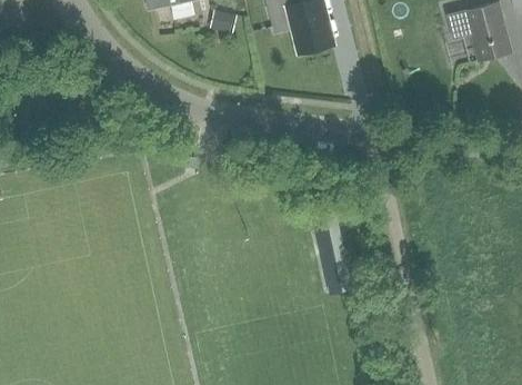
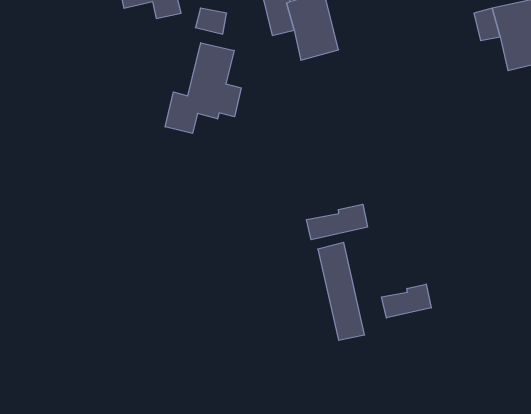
building: none -> [165,43,241,133]
building: none -> [306,204,367,240]
building: none -> [382,284,431,318]

